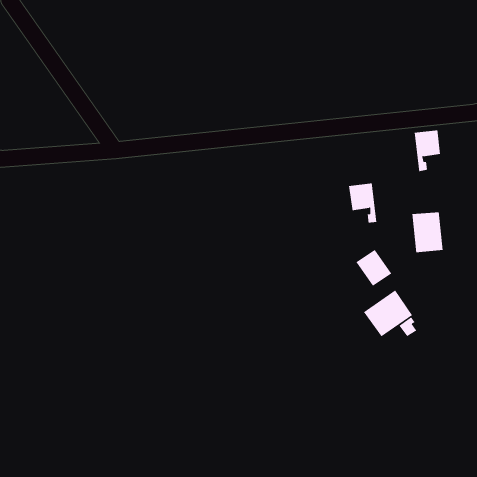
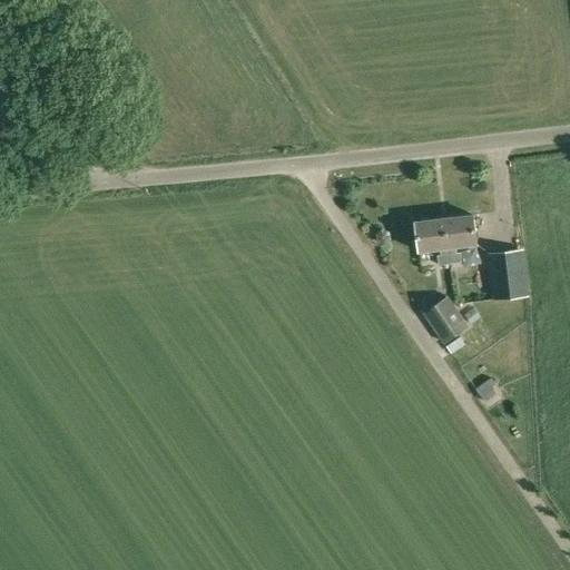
building: [414,130,441,172] -> [444,215,476,265]
building: [363,290,413,337] -> none

